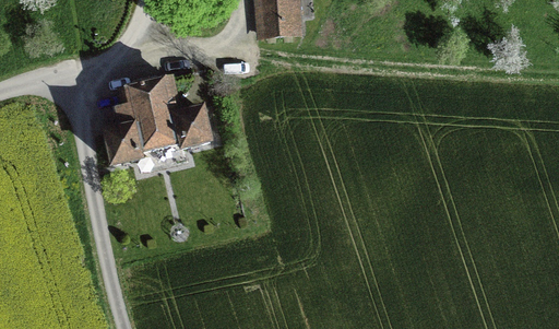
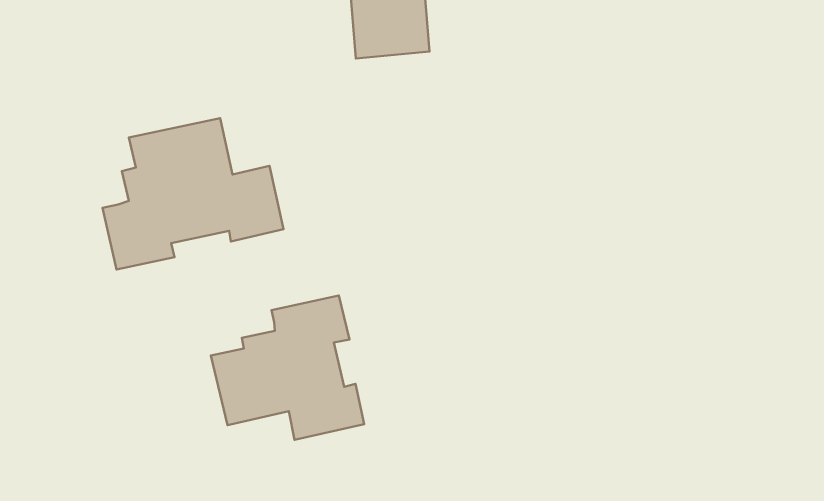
building: none -> [211,295,364,440]

